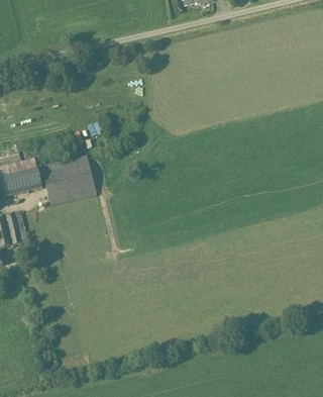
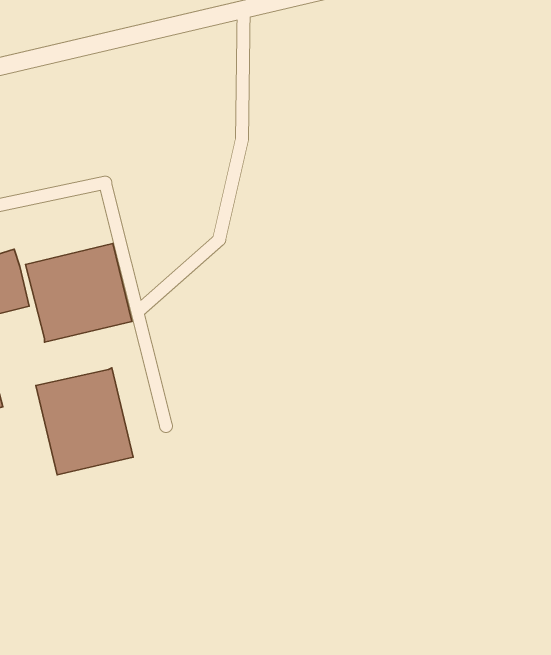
building: none -> [36,368,133,475]

